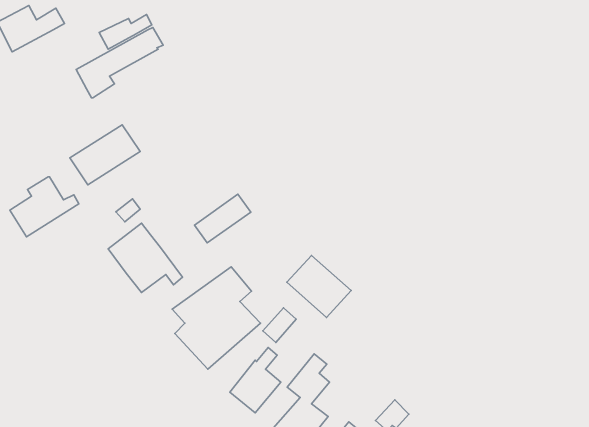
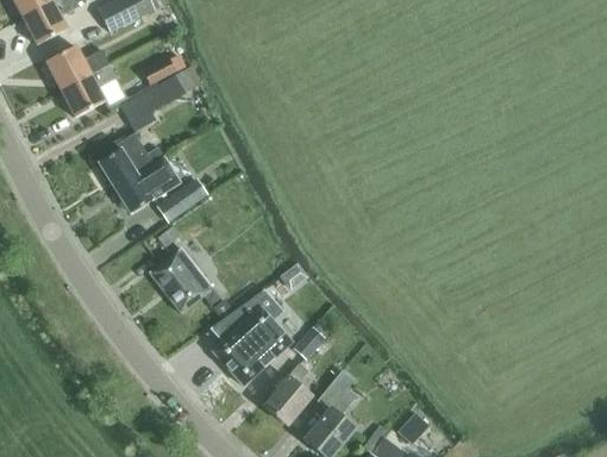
building: none -> [61,62,115,117]
building: [10,177,79,237] -> [99,131,163,187]
building: [194,194,251,243] -> [156,176,208,221]
building: [287,255,351,318] -> none

